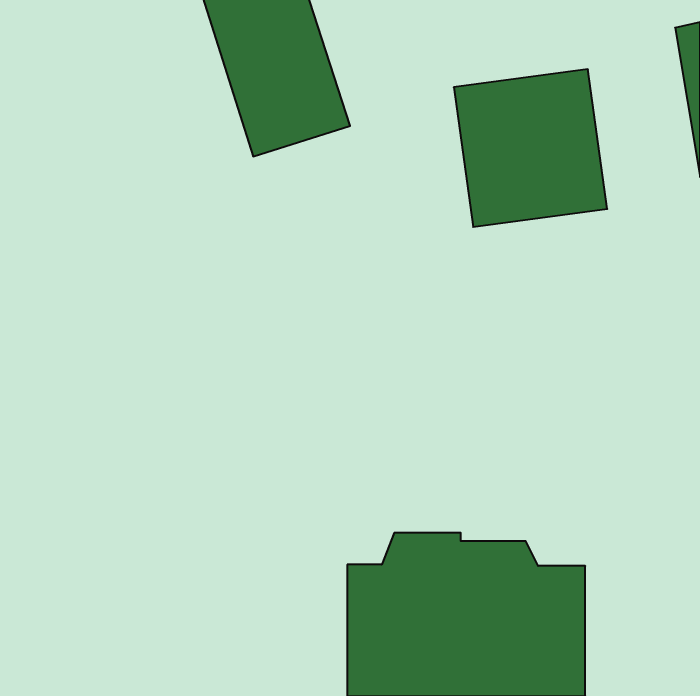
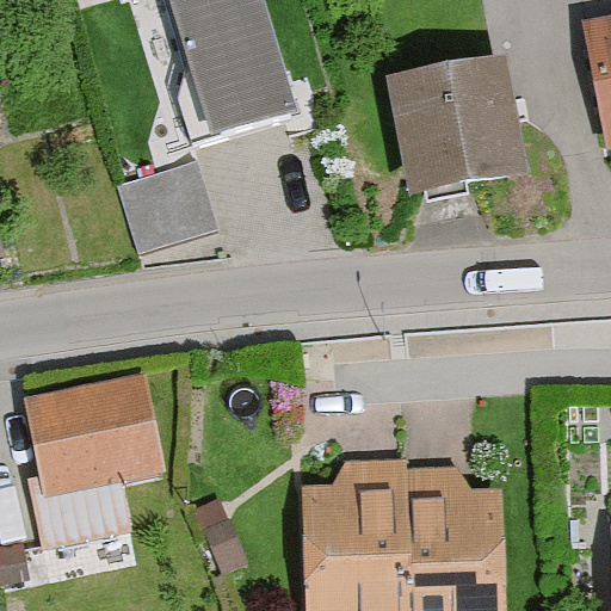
building: none -> [116,165,211,254]
building: none -> [21,376,165,555]

